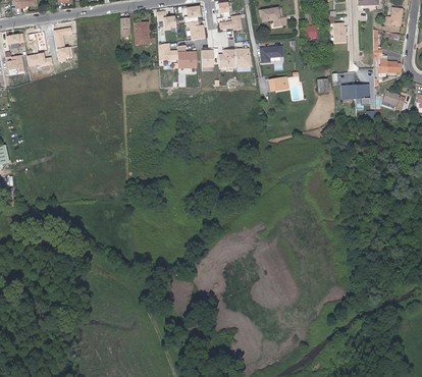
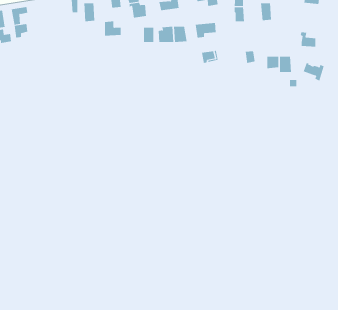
building: [177,45,198,68] -> none

